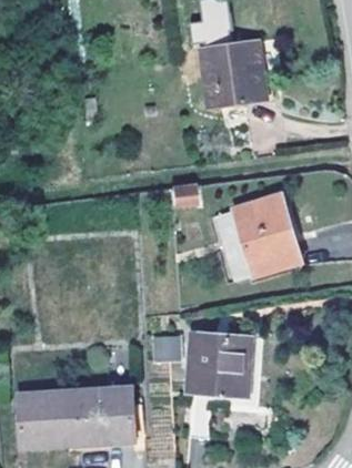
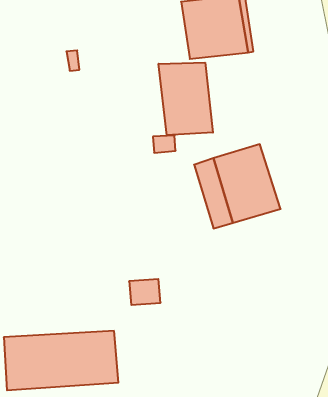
building: none -> [159,63,213,135]
building: [190,333,251,438] -> none

